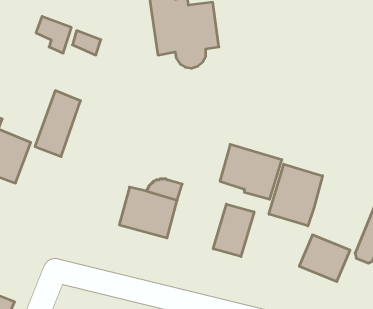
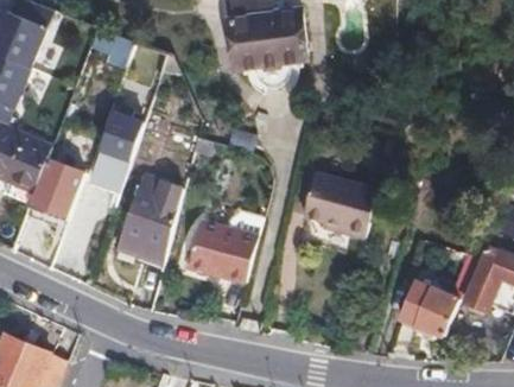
building: none -> [115,173,182,260]
building: [269,164,323,226] -> none
building: [213,204,254,257] -> none

